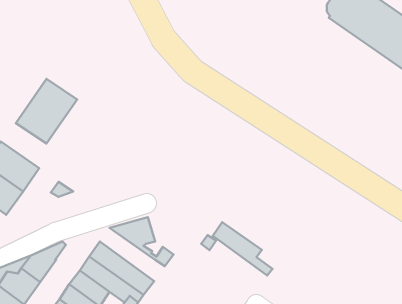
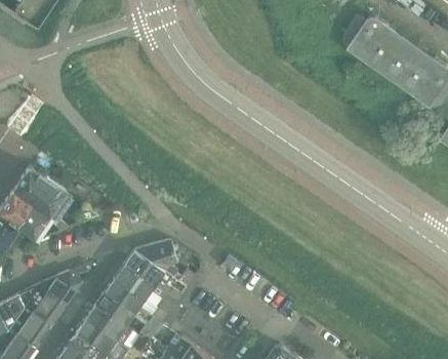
building: [16,79,77,144] -> none
building: [213,222,272,275] -> [124,251,181,303]

